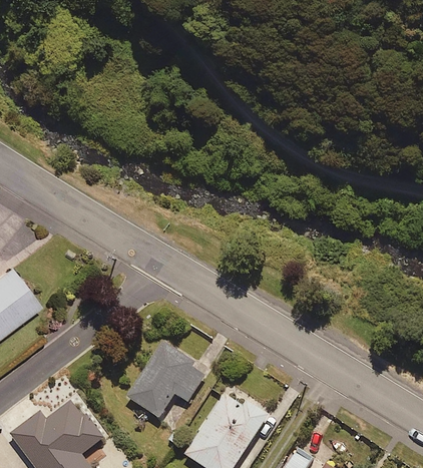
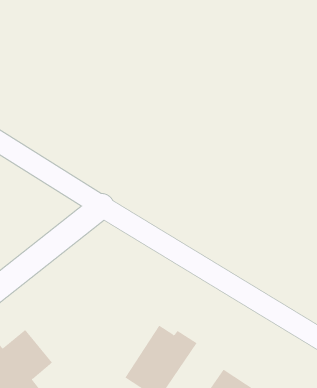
building: [125,343,206,420] -> none

